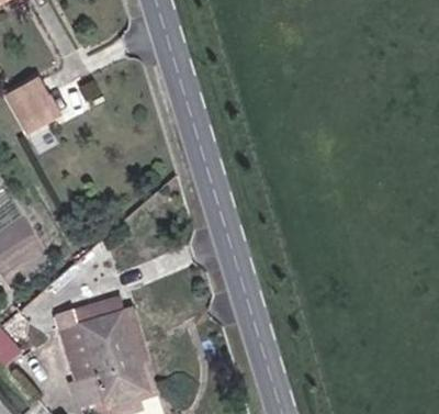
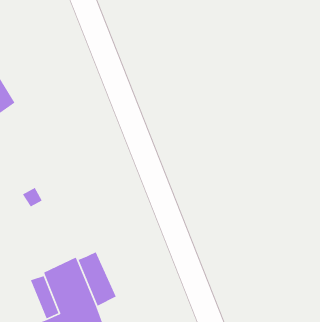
building: [55,289,132,335] -> none

